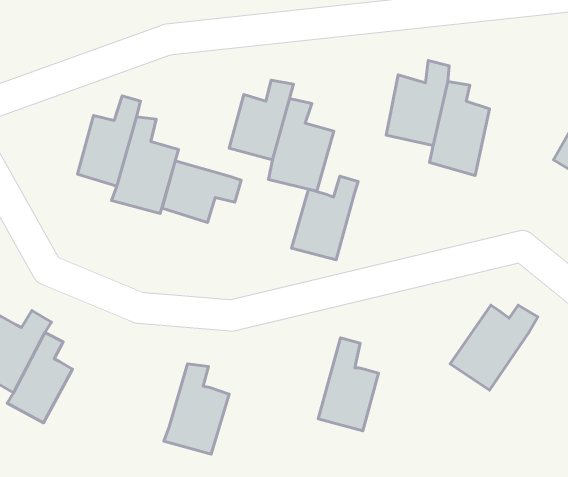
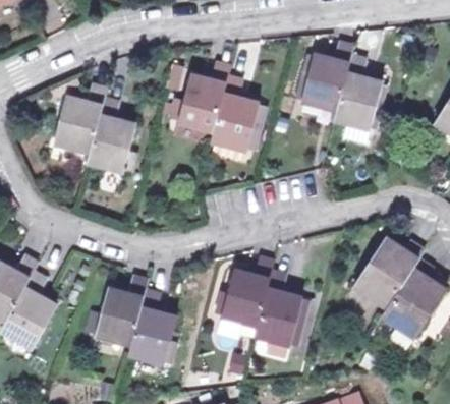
building: [162,161,241,222] -> none
building: [292,176,358,260] -> [218,256,270,322]
building: none -> [376,266,439,343]
building: none -> [98,278,151,339]

